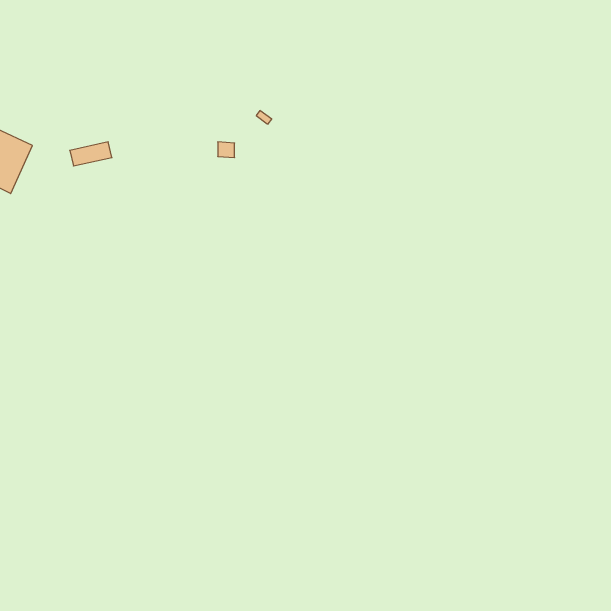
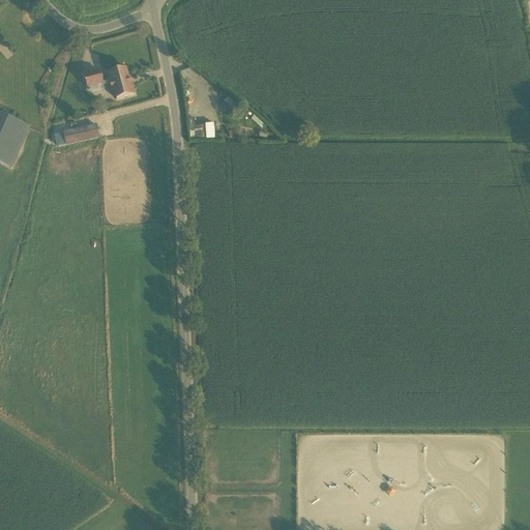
building: none -> [81,66,131,96]

